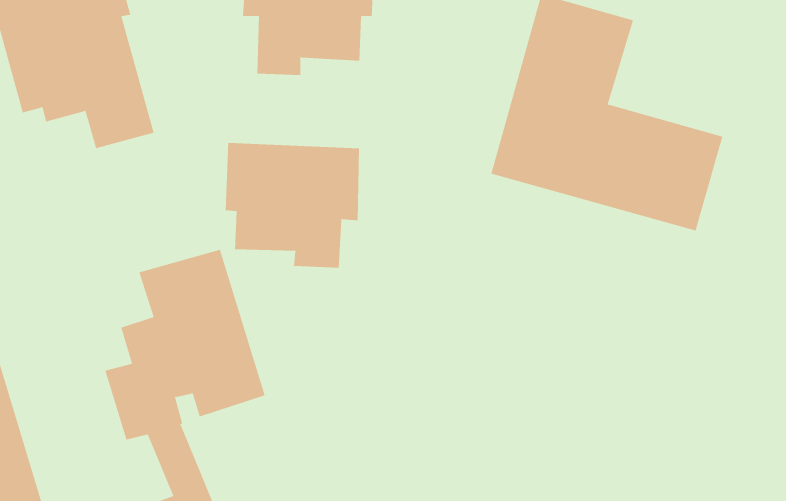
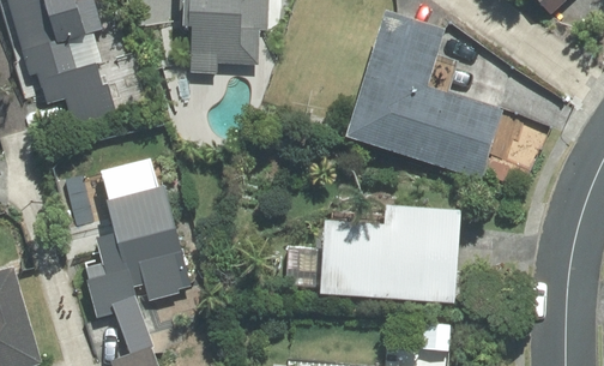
building: [225,142,360,269] -> none
building: none -> [318,208,459,302]

